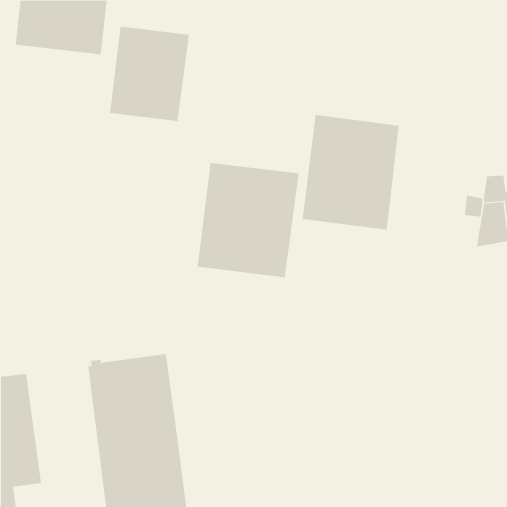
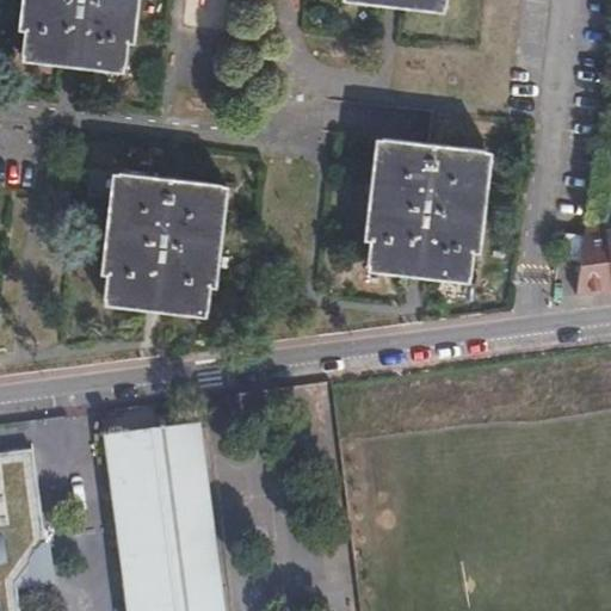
building: [109,26,190,122] -> none
building: [197,162,299,278] -> [98,174,221,313]

